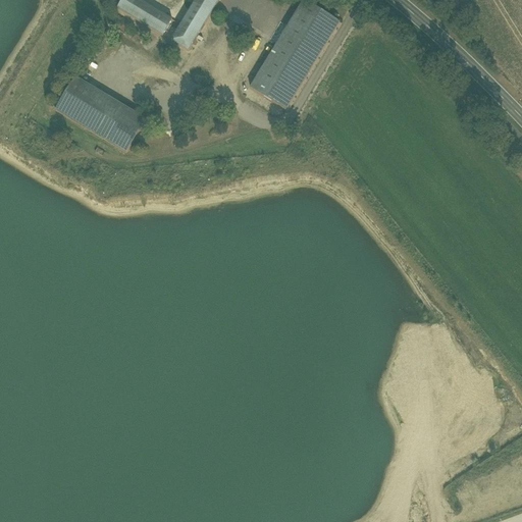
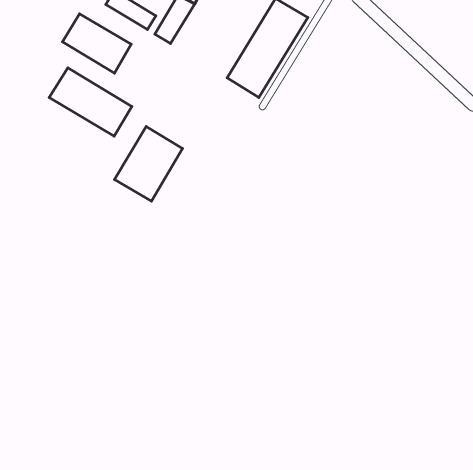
building: none -> [63,14,131,73]
building: none -> [114,127,182,201]

